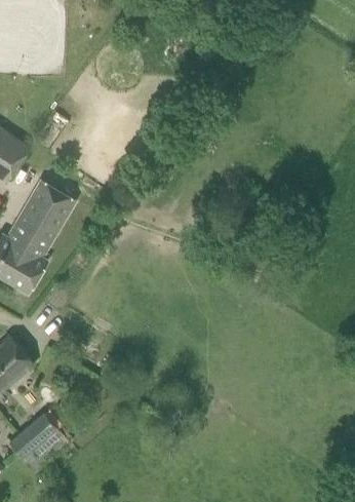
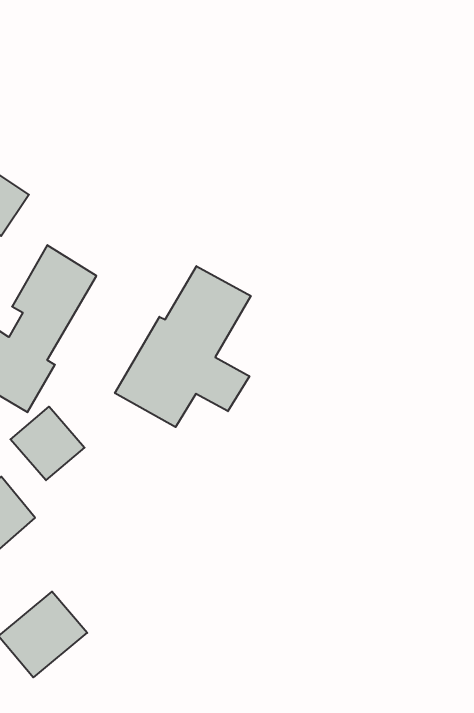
building: none -> [115,266,251,427]
building: none -> [10,407,85,480]

